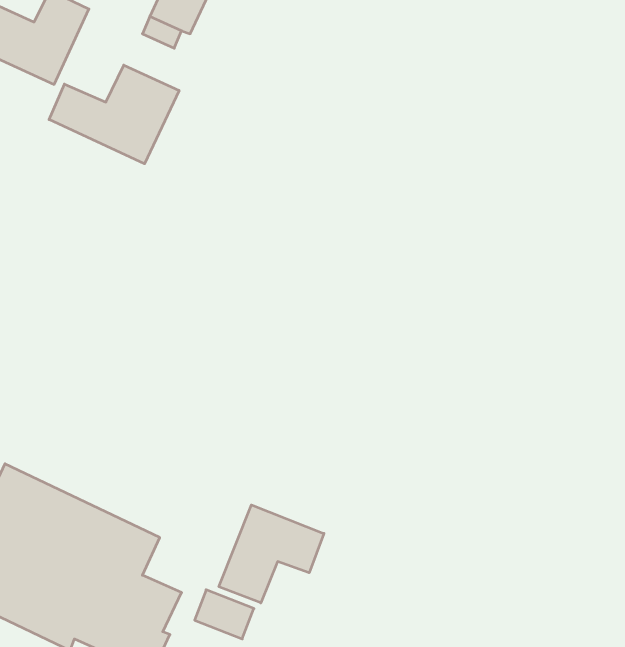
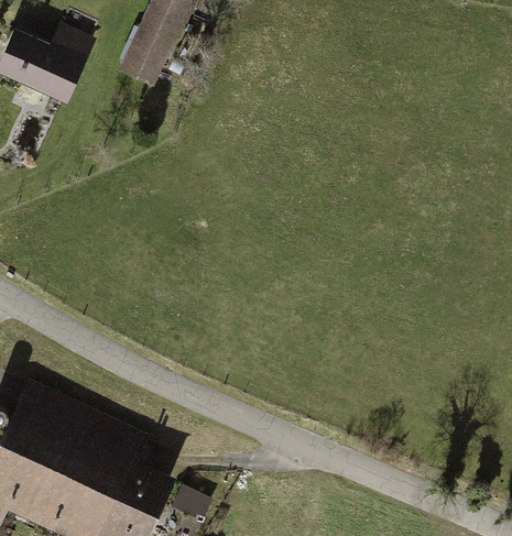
building: [49,65,179,164] -> none
building: [219,505,324,603] -> none

